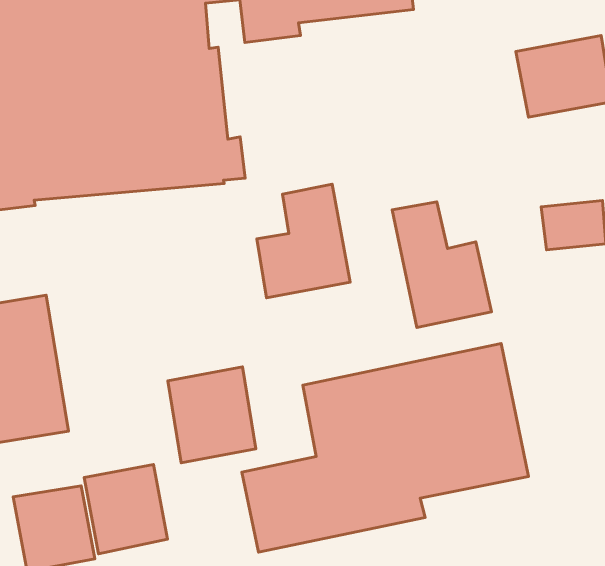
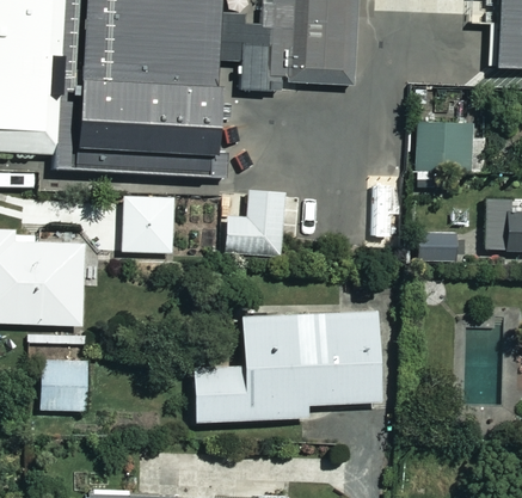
building: [392,202,492,327] -> none
building: [168,367,256,463] -> [123,197,173,253]
building: [84,465,168,554] -> none

